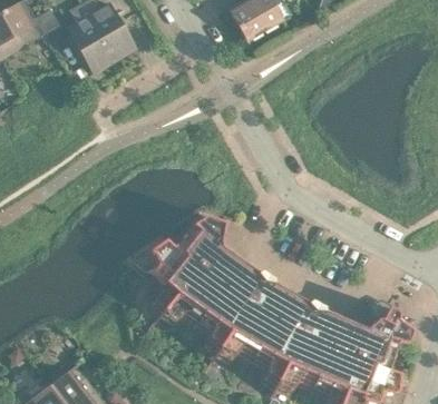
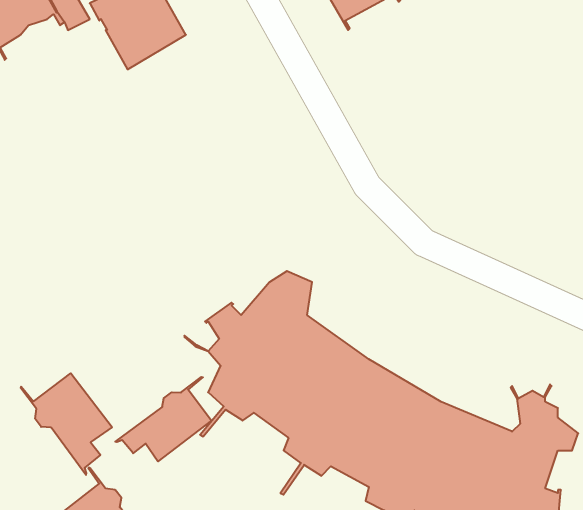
building: none -> [21,373,112,475]
building: none -> [115,377,212,461]

